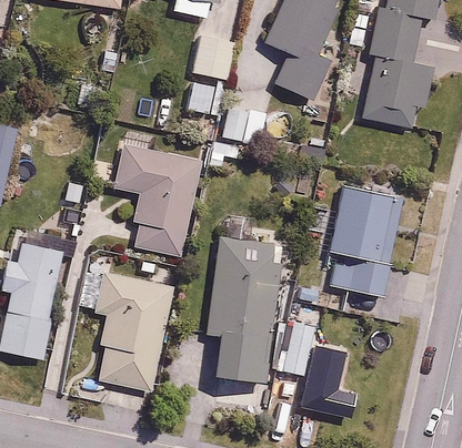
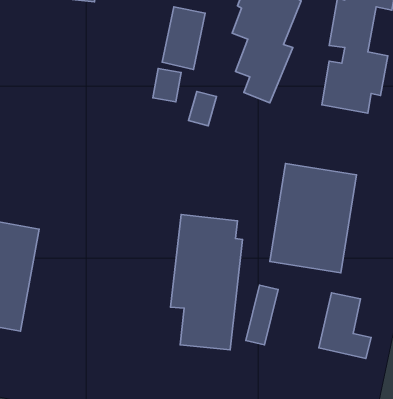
building: [99,130,200,258] -> none
building: [92,268,179,415] -> none
building: [303,346,359,416] -> [319,293,371,358]

